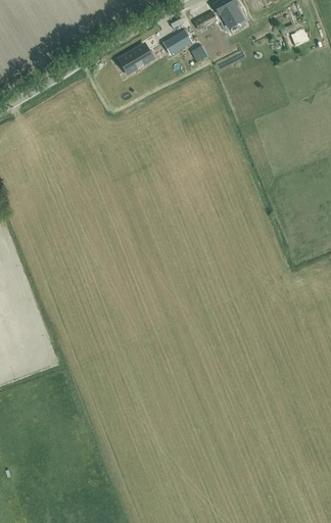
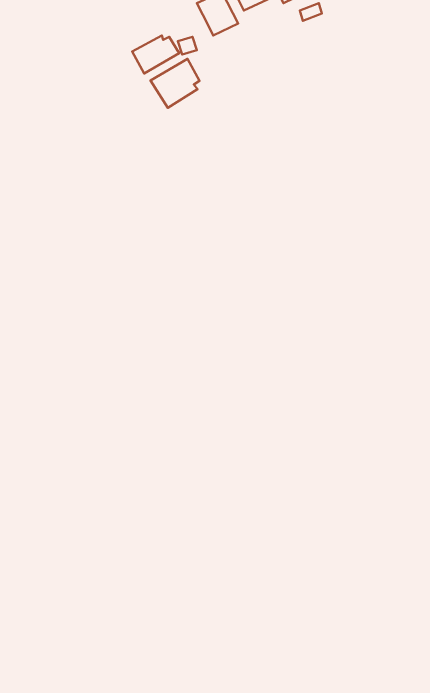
building: none -> [151,59,199,108]

